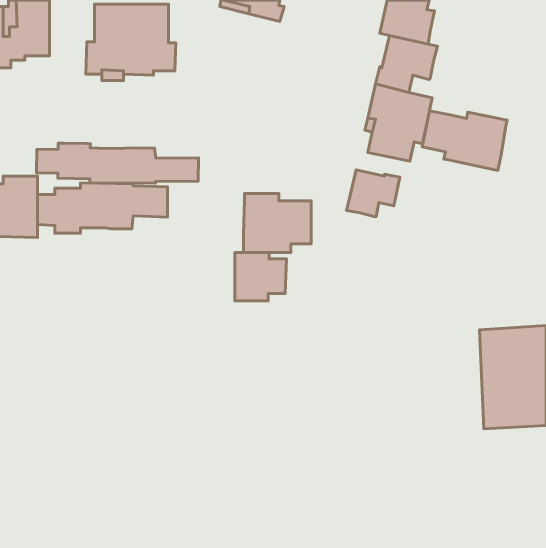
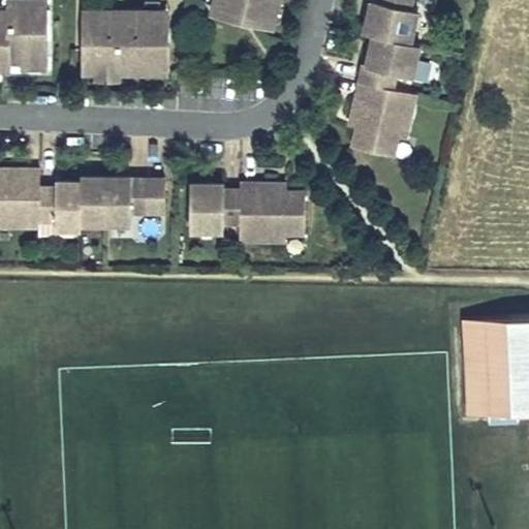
building: [422,111,507,170] -> none
building: [36,143,199,183] -> none
building: [347,170,400,217] -> none
building: [235,253,286,301] -> [186,187,236,234]

